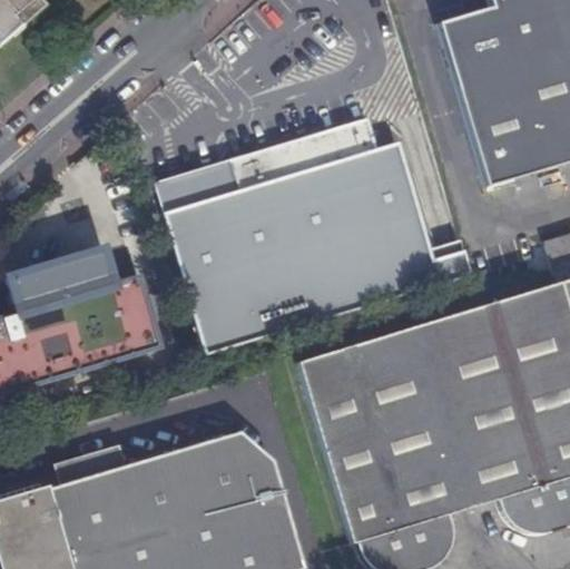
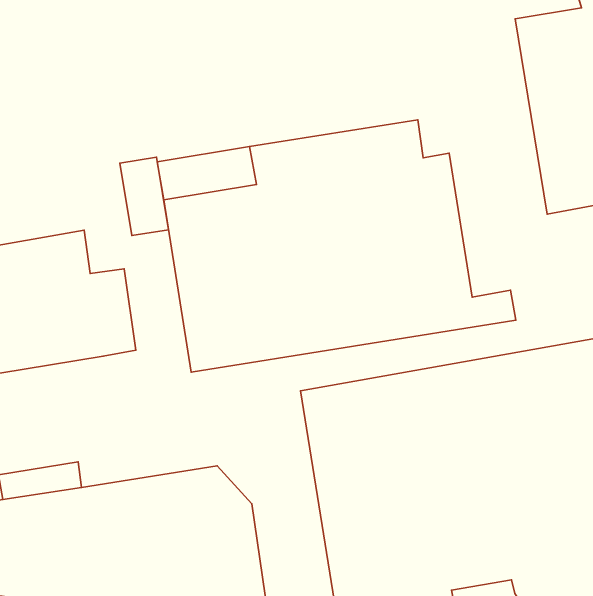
building: none -> [120,157,169,235]

